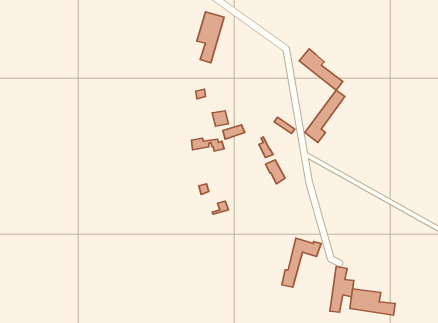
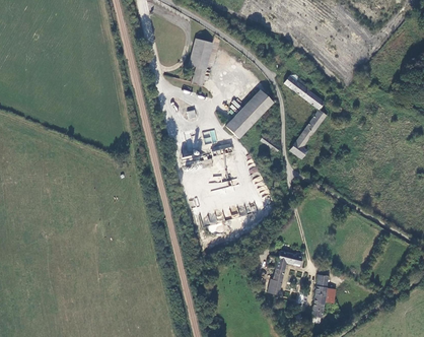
building: none -> [226,88,274,137]
building: [350,289,395,315] -> none

